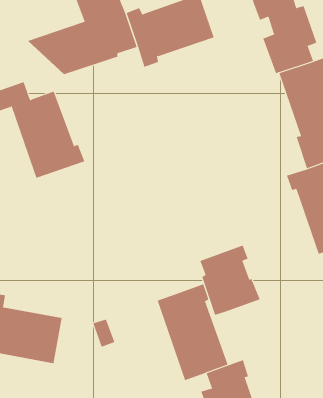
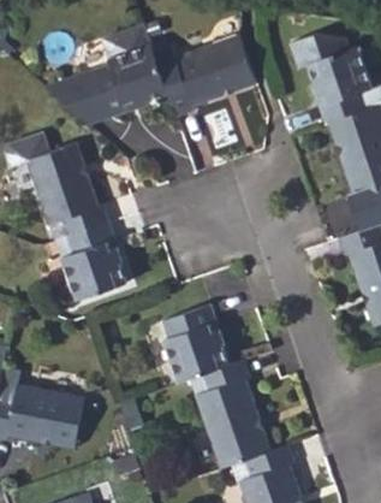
building: none -> [55,221,125,300]
building: [199,245,260,315] -> [162,302,231,381]

